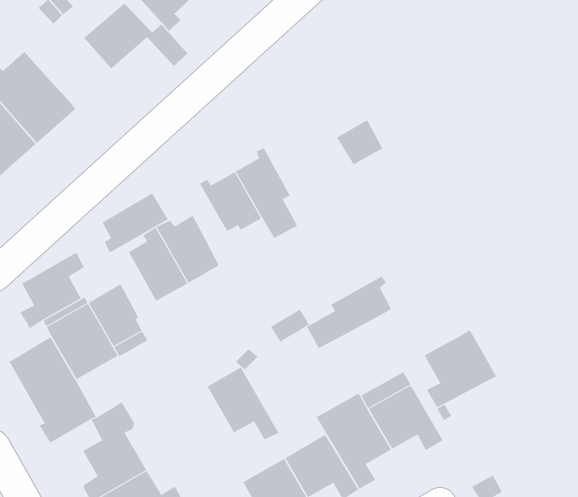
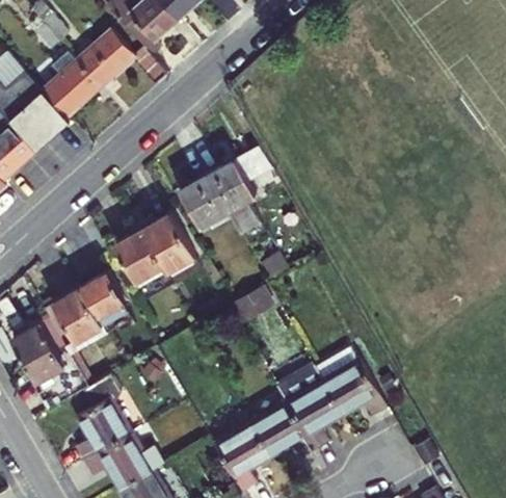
building: none -> [42,51,100,116]
building: [336,119,383,165] -> [235,141,275,181]
building: [102,193,168,253] -> none
building: [20,252,84,329] -> none
building: [306,276,392,349] -> none
building: [424,330,497,408] -> none
building: [207,367,279,440] -> none

